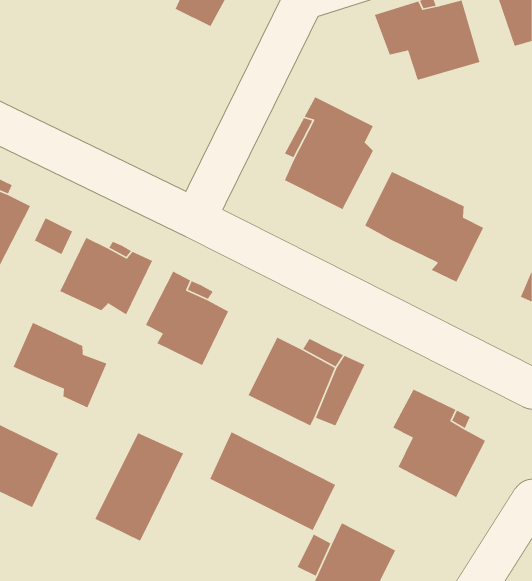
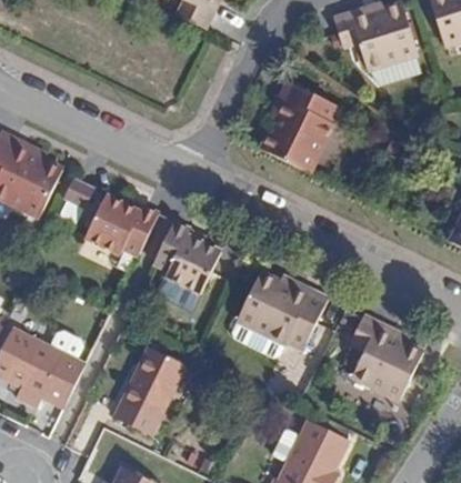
building: [364,171,484,283] -> none
building: [12,322,108,409] -> none
building: [209,431,336,531] -> none

